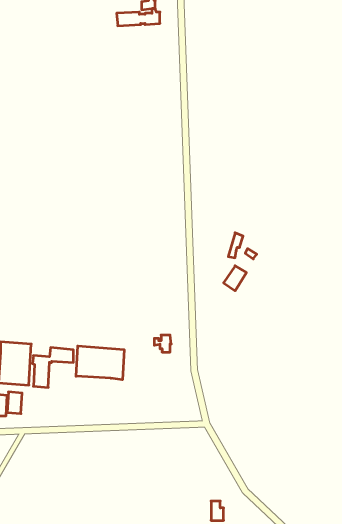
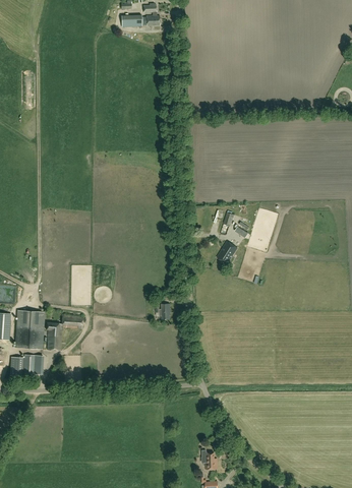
building: [76,346,124,380] -> none

